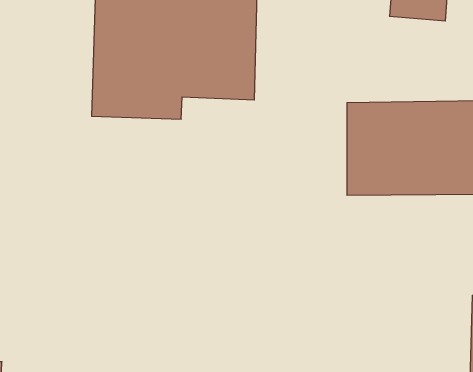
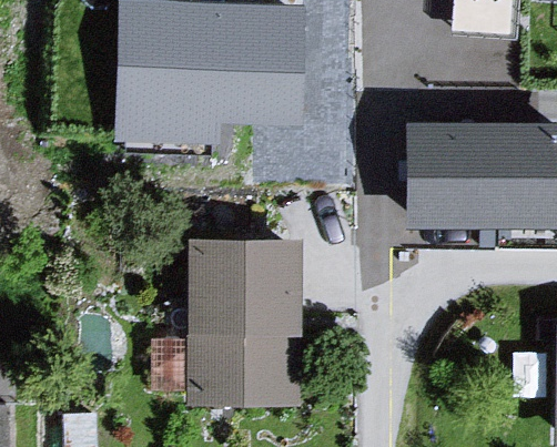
building: none -> [186,256,302,425]

